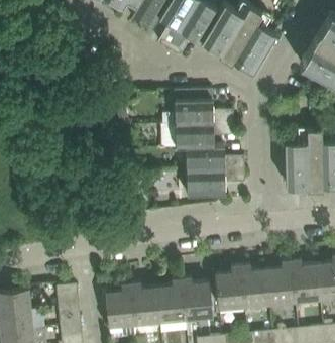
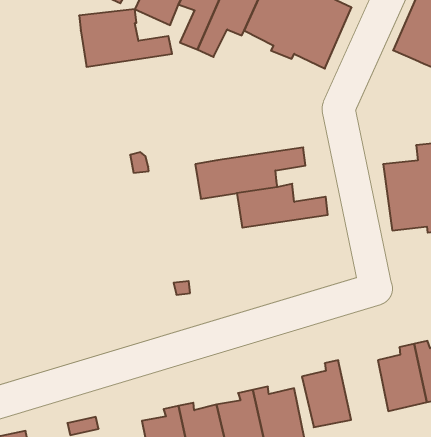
building: [176,91,234,125] -> [79,9,172,67]
building: [188,169,246,196] -> none
building: [241,265,270,307] -> none

